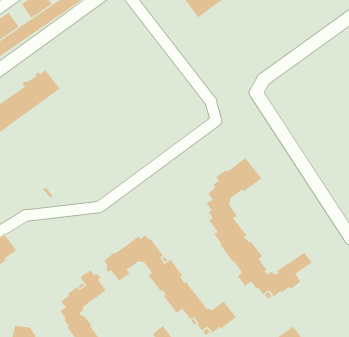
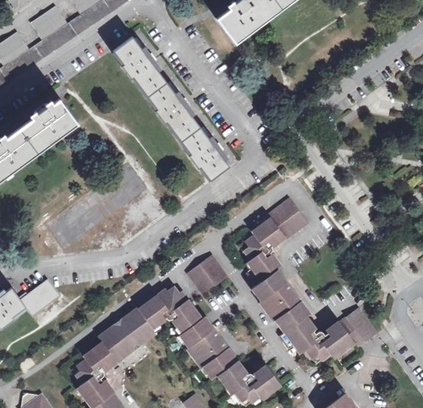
building: none -> [59,34,229,179]
building: none -> [186,254,227,294]
building: none -> [21,279,60,315]
building: none -> [111,318,143,352]
building: none -> [347,320,375,346]

